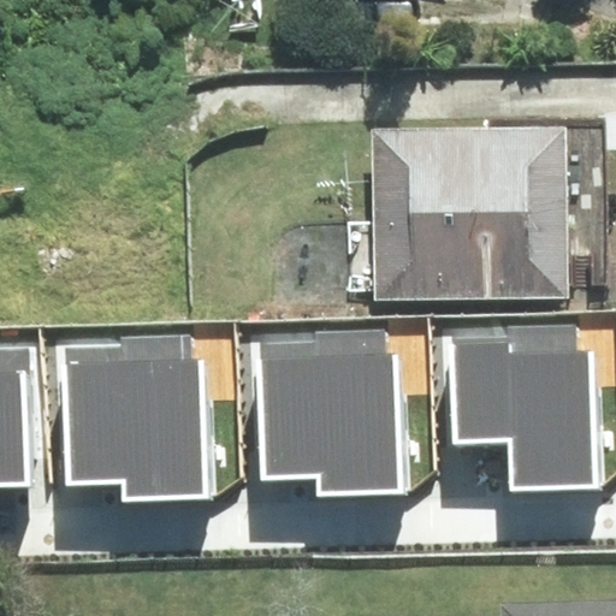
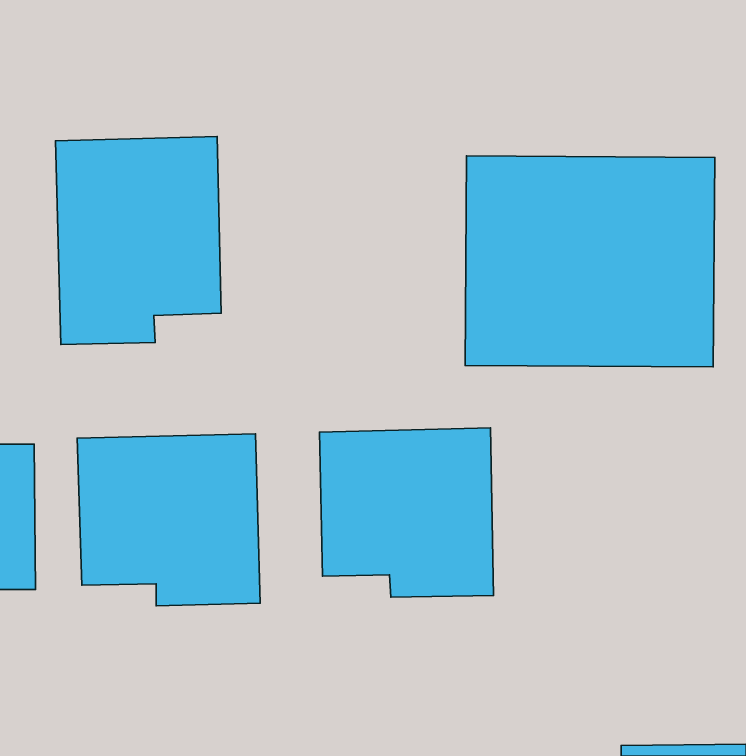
building: none -> [56,136,221,345]
building: [434,344,585,485] -> none

